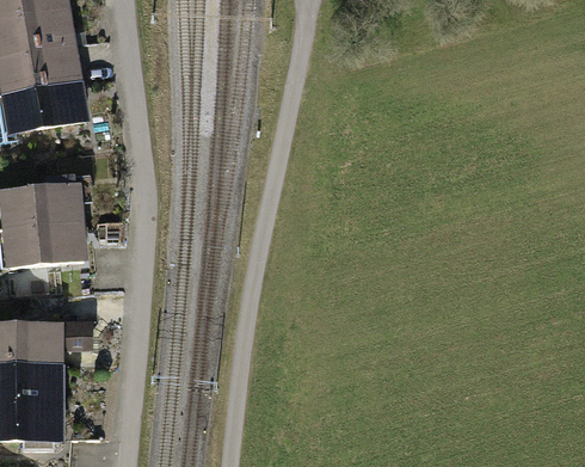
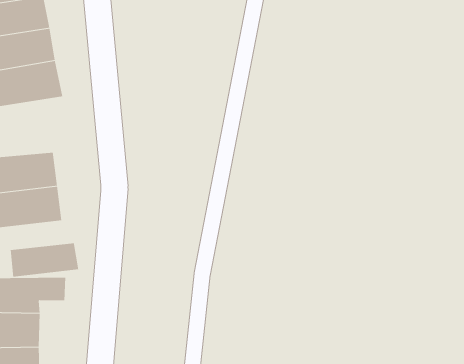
building: none -> [10,243,79,277]

